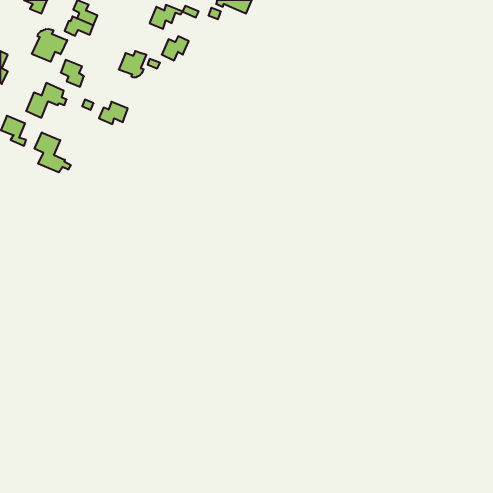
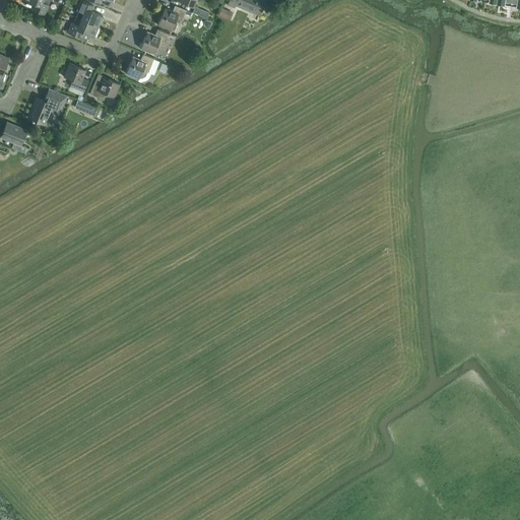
building: [32,29,67,62] -> none
building: [162,36,189,60] -> [140,28,169,54]
building: [99,102,128,124] -> [89,76,120,100]
building: [35,132,71,172] -> none

